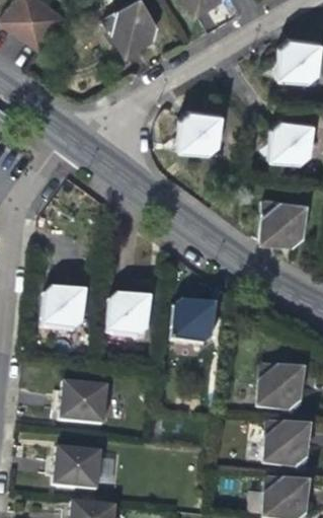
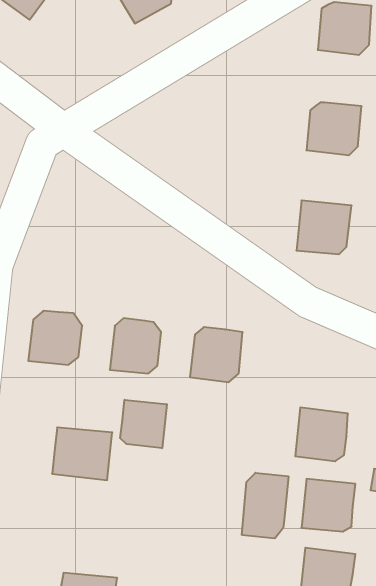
building: [174,110,219,153] -> none
building: none -> [120,400,167,448]
building: none -> [242,473,288,538]
building: [53,446,101,488] -> none

